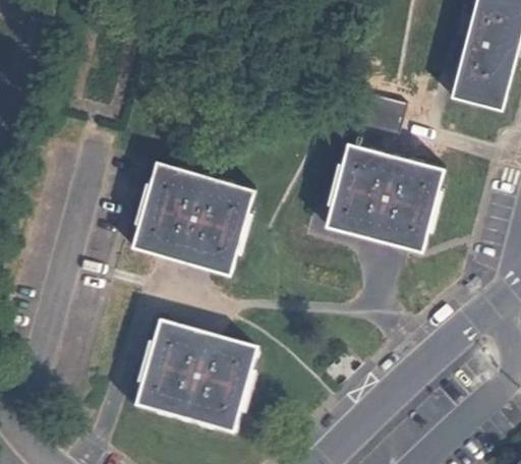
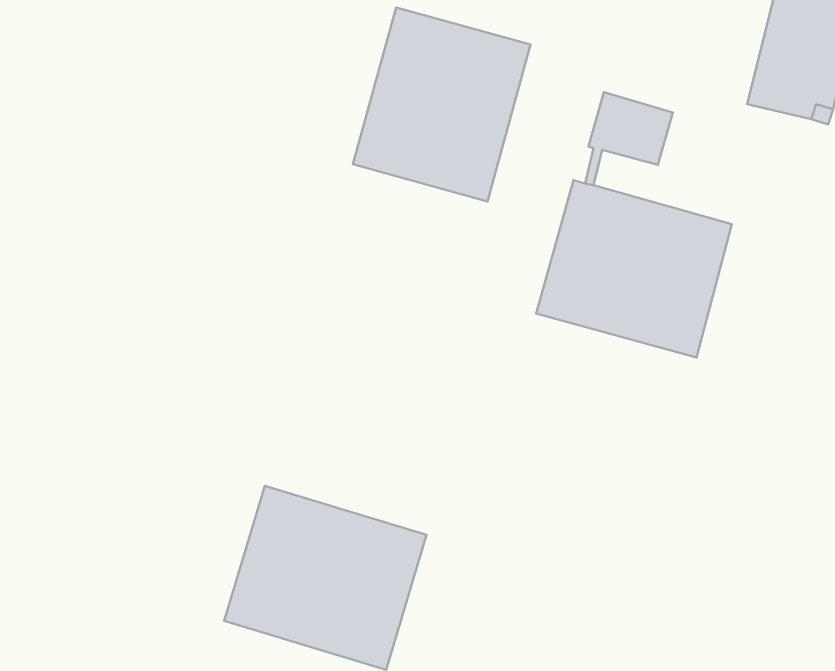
building: none -> [353,7,531,201]
building: [135,164,252,271] -> none

